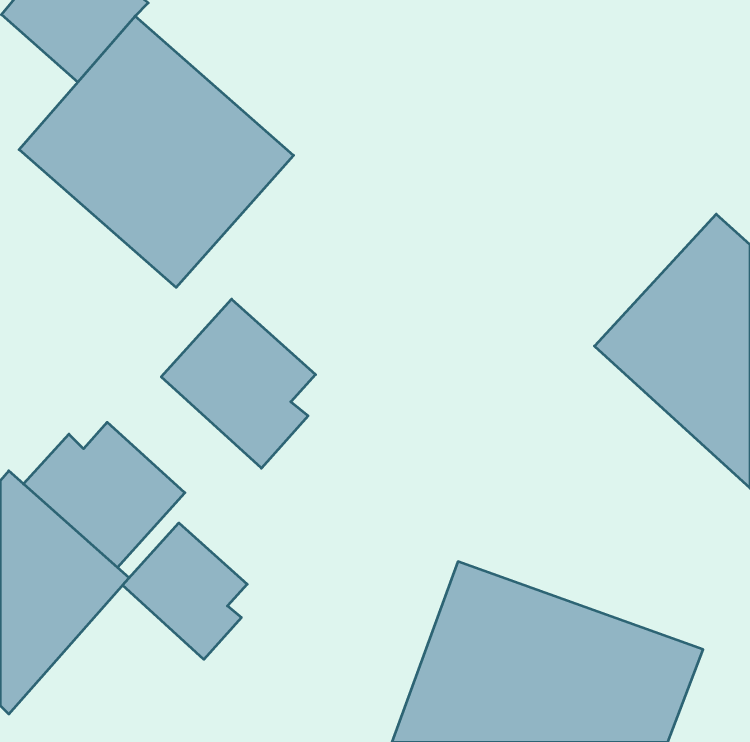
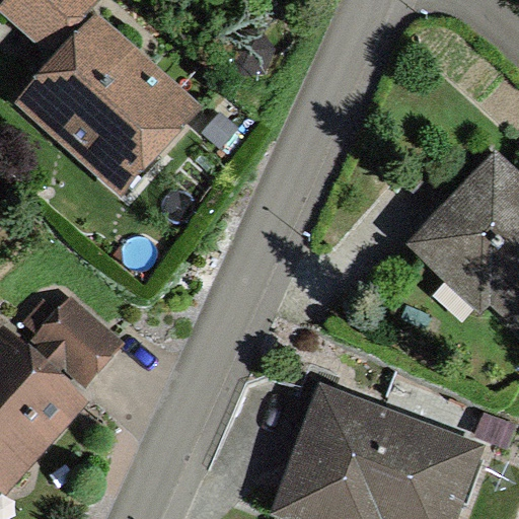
building: [161,299,316,468] -> none
building: [123,523,247,659] -> none

